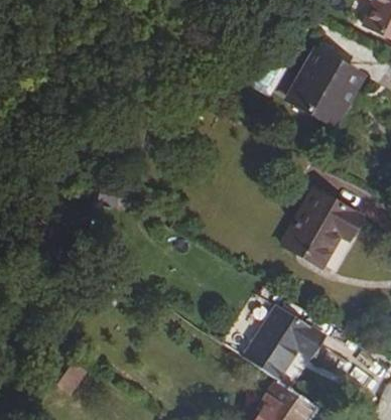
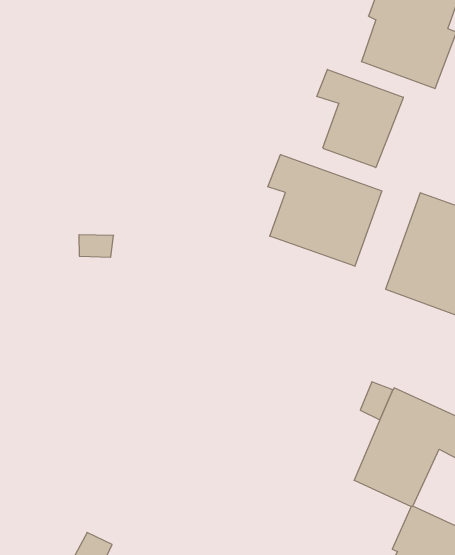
building: none -> [317,69,403,168]
building: none -> [268,155,382,266]

